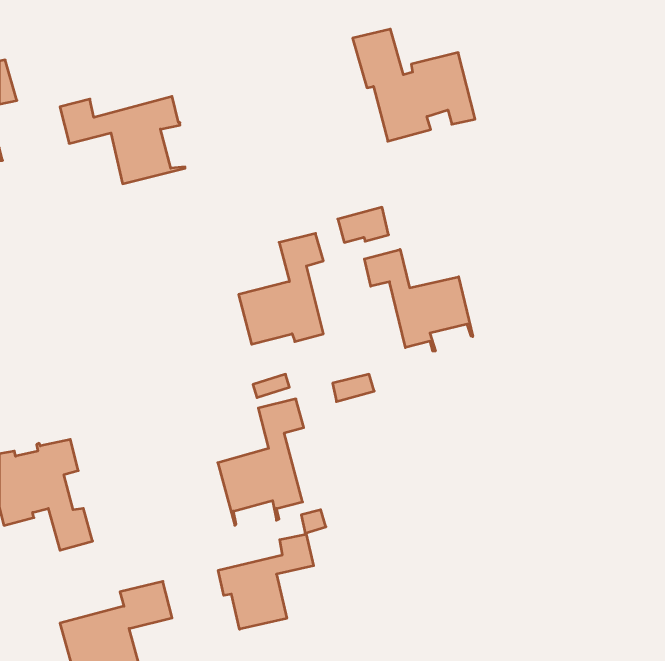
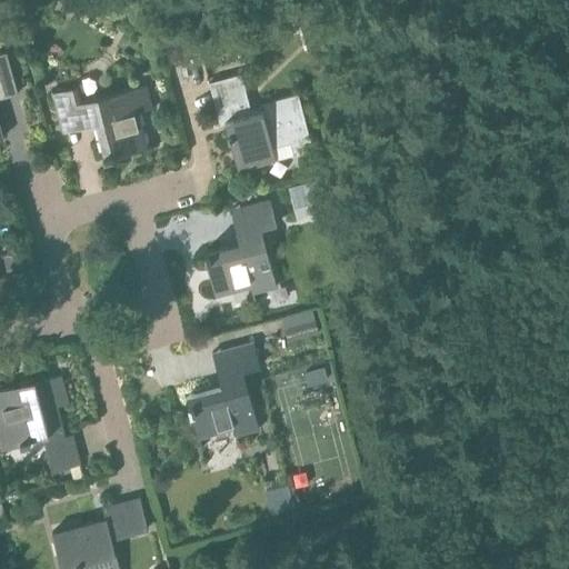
building: [353,29,475,141] -> [208,77,312,172]
building: [364,249,473,351] -> none
building: [218,534,314,629] -> none

